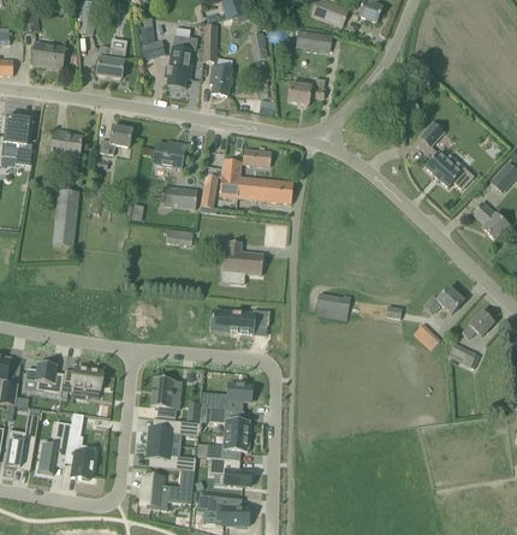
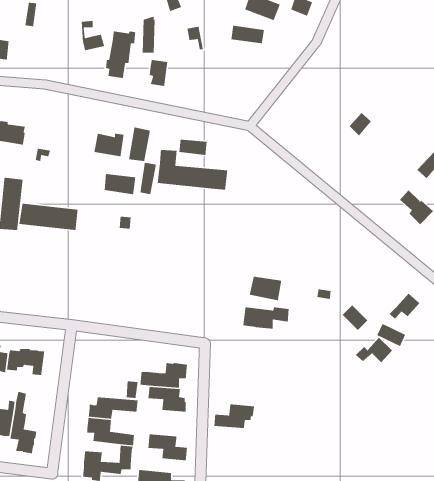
building: [96,47,125,78] -> none
building: [287,78,325,105] -> none
building: [100,125,132,154] -> none
building: none -> [128,127,151,162]
building: [424,151,474,189] -> none
building: none -> [18,203,78,231]
building: [222,240,263,284] -> none
building: [423,286,463,314] -> [355,337,393,363]
building: [220,313,269,337] -> [243,306,290,329]
building: [150,376,180,417] -> none
building: [207,433,250,459] -> [213,403,255,429]

